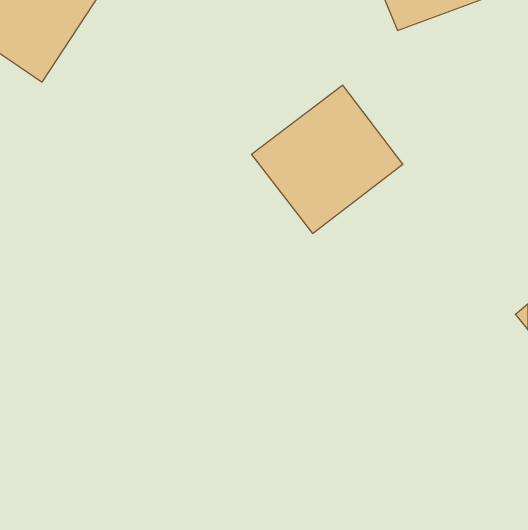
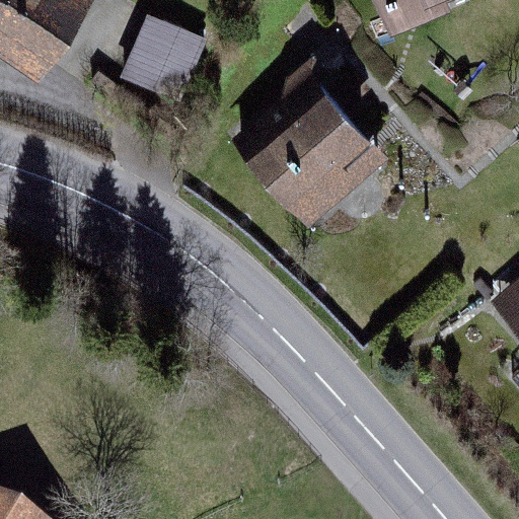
building: none -> [121,16,203,103]

